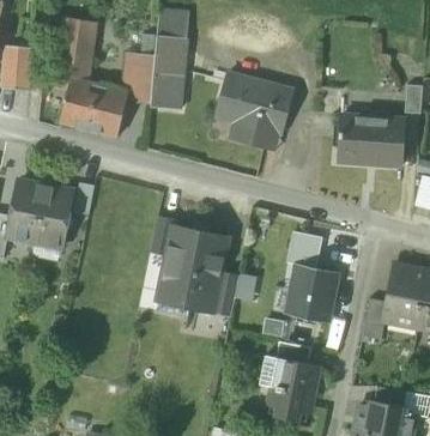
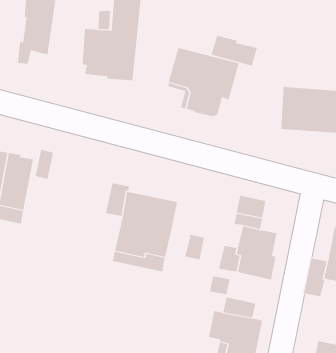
building: none -> [211,35,258,67]
building: [60,77,129,138] -> none
building: [212,273,240,315] -> none

